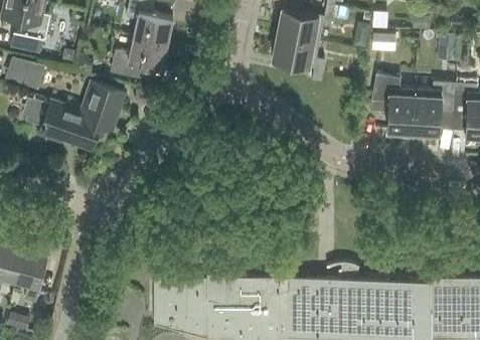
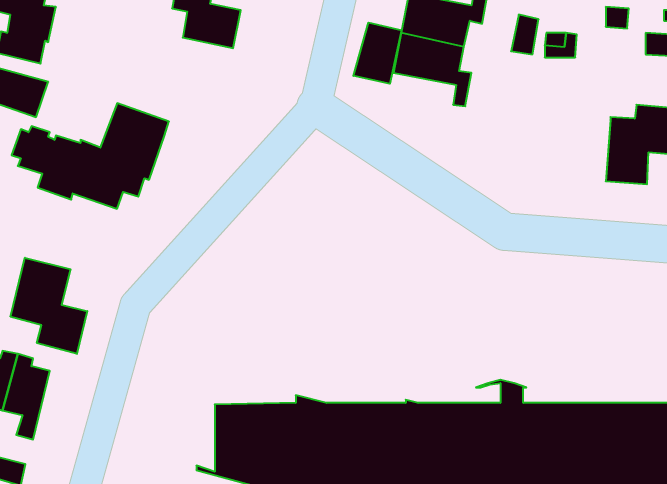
building: none -> [353,23,402,84]
building: [111,37,167,79] -> none
building: [370,73,416,132] -> none
building: none -> [11,258,87,354]

